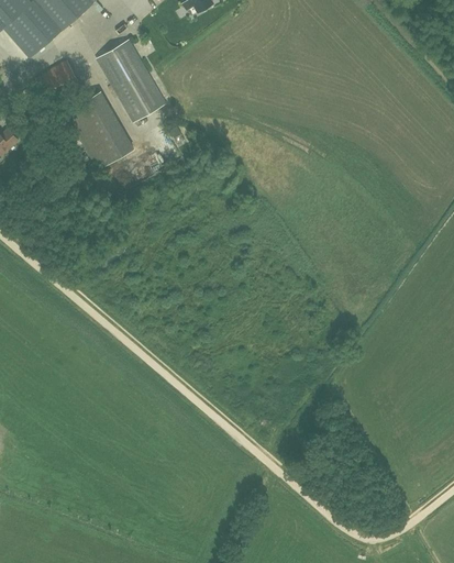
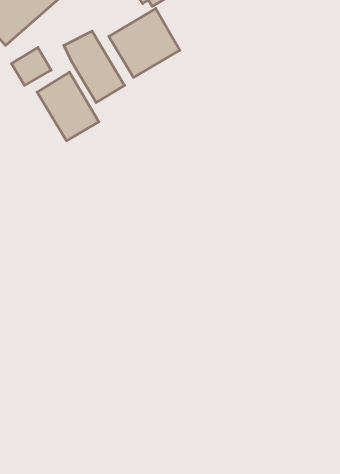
building: none -> [109,8,180,77]

